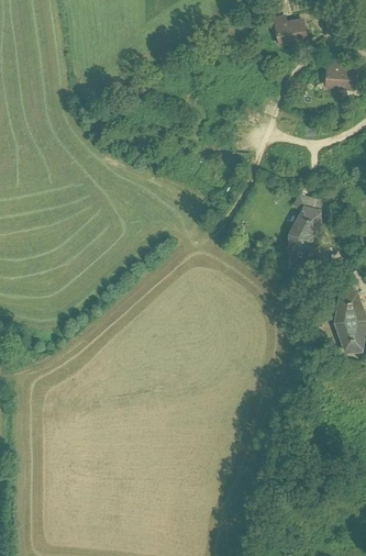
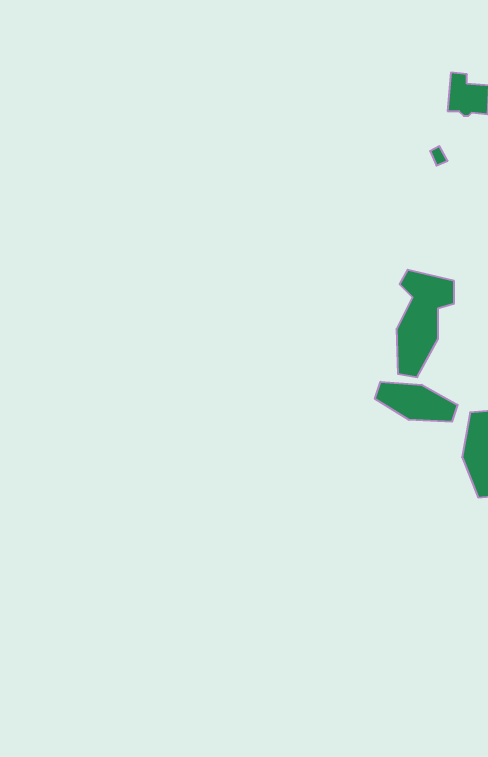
building: [266,19,306,45] -> none
building: none -> [375,382,458,422]

